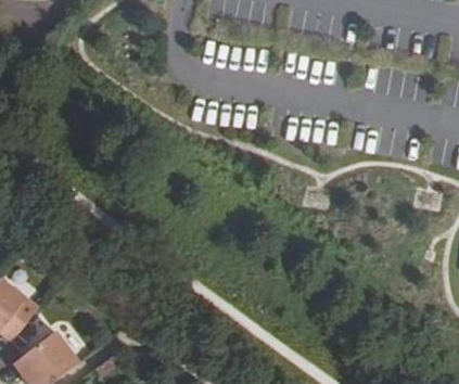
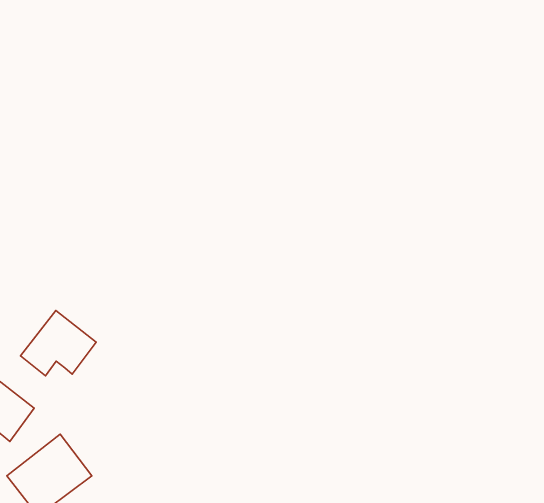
building: none -> [21,310,96,376]

